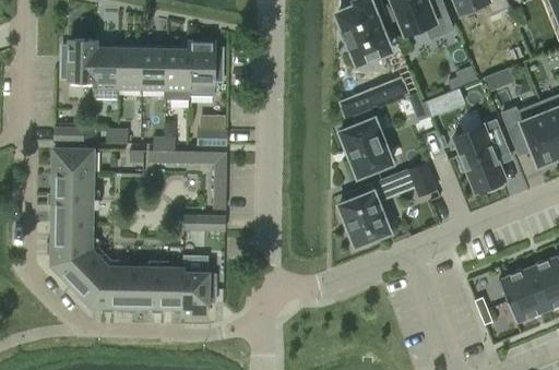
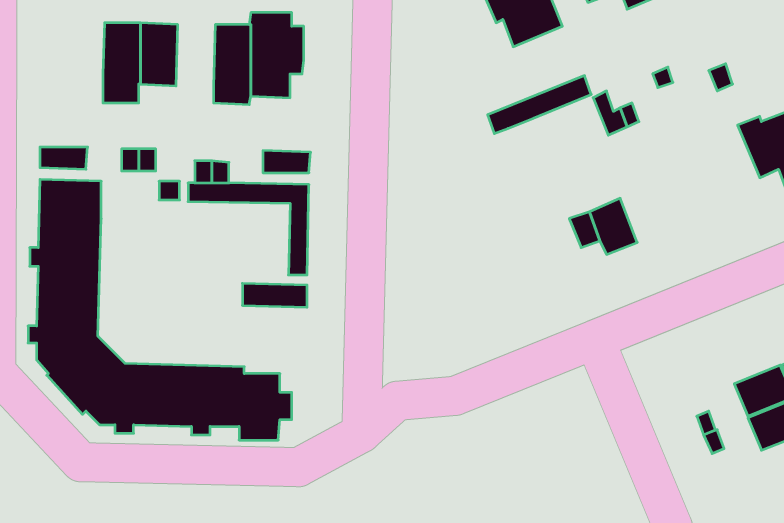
building: [62,39,96,81] -> none
building: [142,49,167,88] -> none
building: [341,109,392,176] -> none
building: [455,120,508,191] -> none
building: [340,183,390,247] -> none

